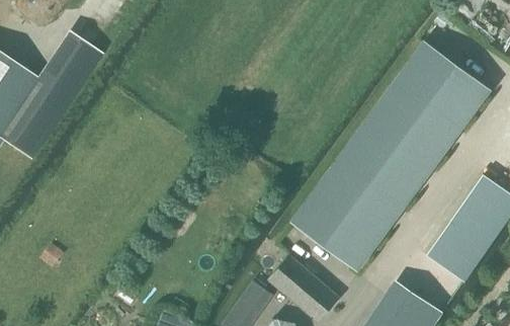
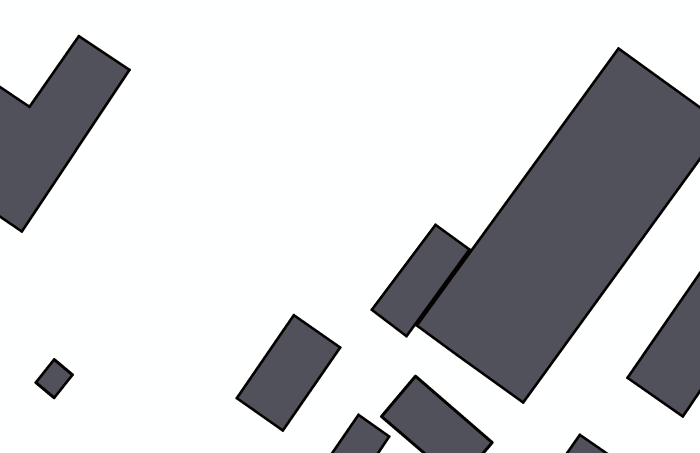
building: none -> [372,225,470,336]
building: none -> [237,315,340,431]

